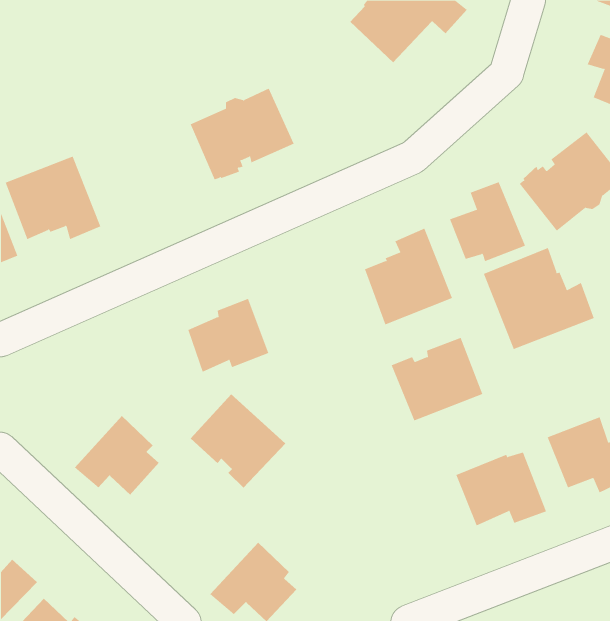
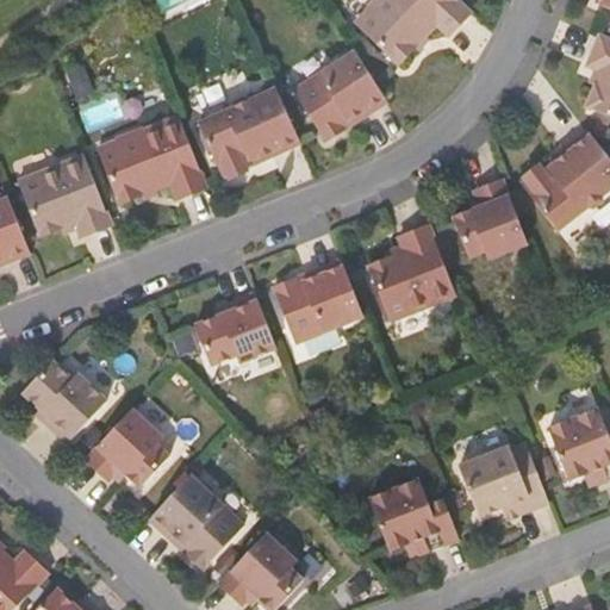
building: none -> [292,50,386,139]
building: none -> [97,114,206,203]
building: [483,247,594,350] -> none
building: [391,337,483,421] -> [272,260,362,342]
building: none -> [21,360,105,442]
building: [190,394,286,489] -> [149,474,243,567]
building: none -> [368,479,459,554]

